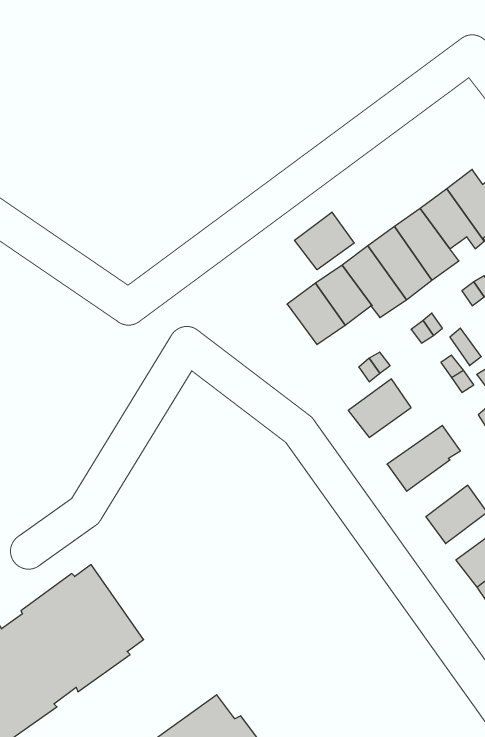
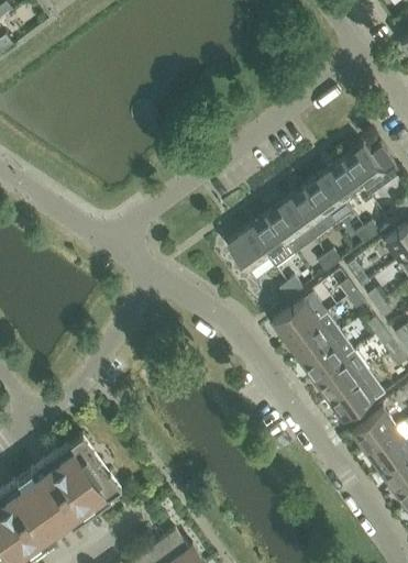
building: [295,212,354,270] -> none
building: none -> [287,313,341,361]
building: none -> [315,357,360,399]

